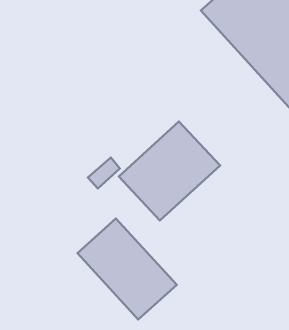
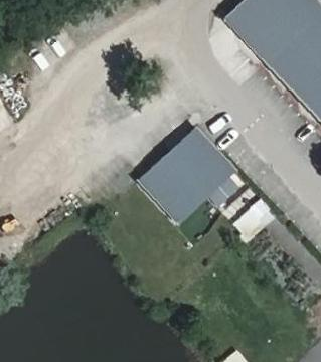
building: [77,218,177,319] -> none

